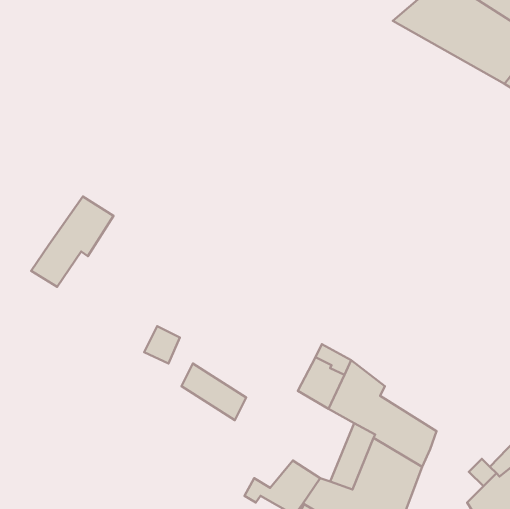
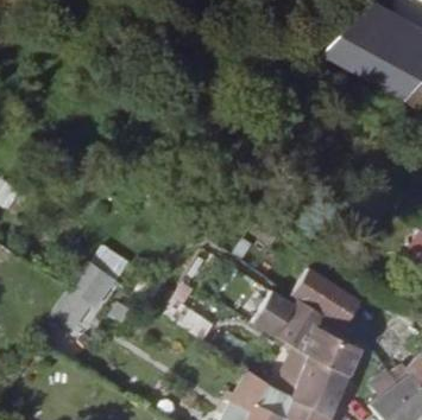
building: [31,196,114,287] -> [53,269,114,336]
building: none -> [285,268,353,326]

